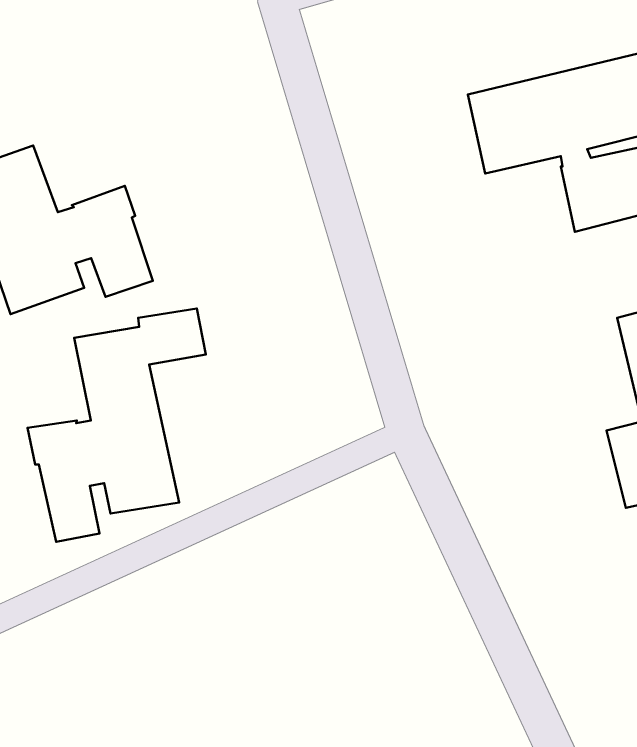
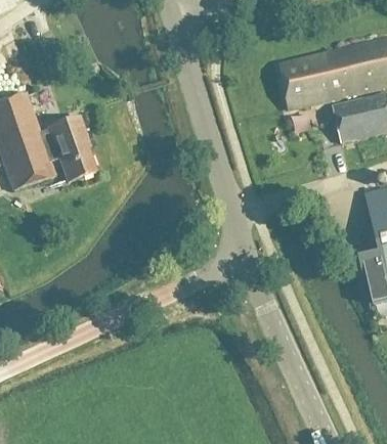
building: [28,309,206,542] -> none

